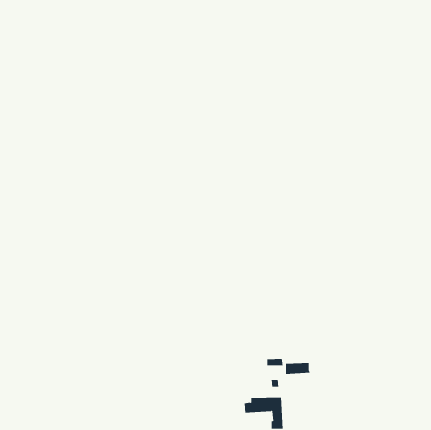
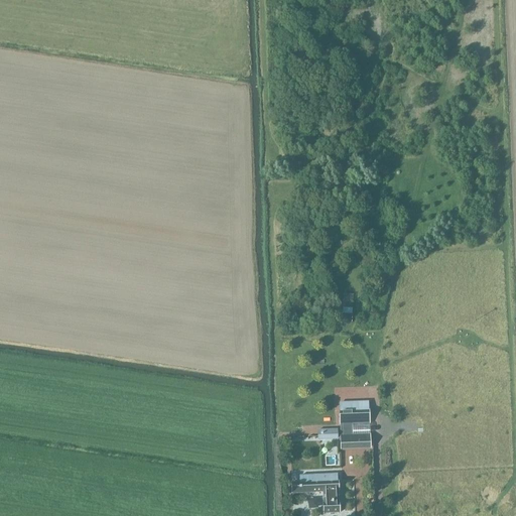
building: none -> [340,401,370,423]

